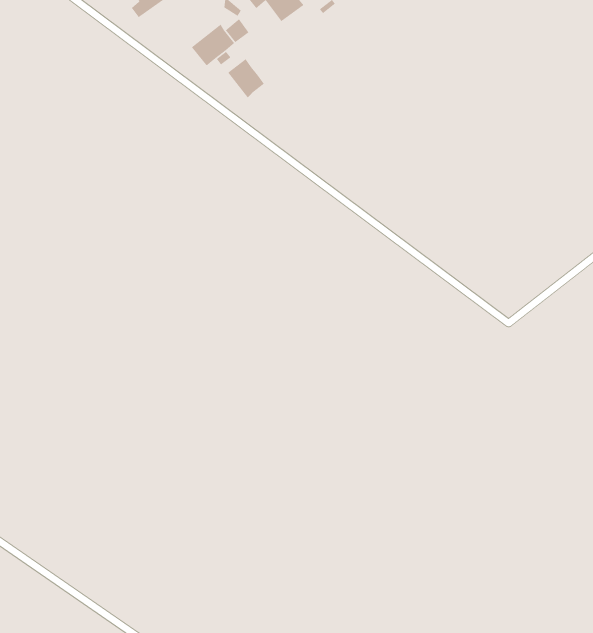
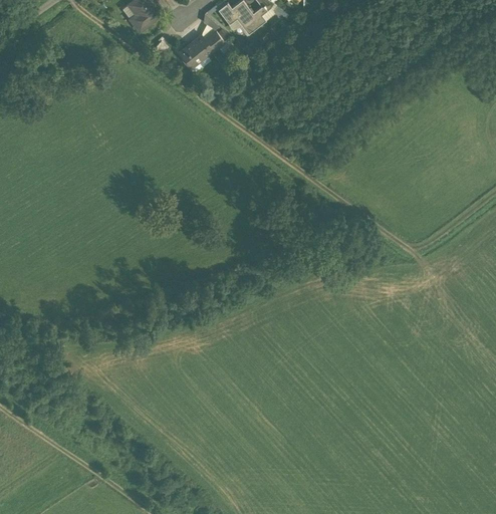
building: [227,58,265,99] -> none

